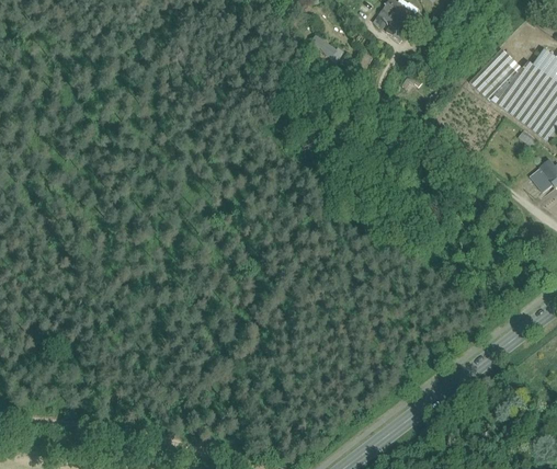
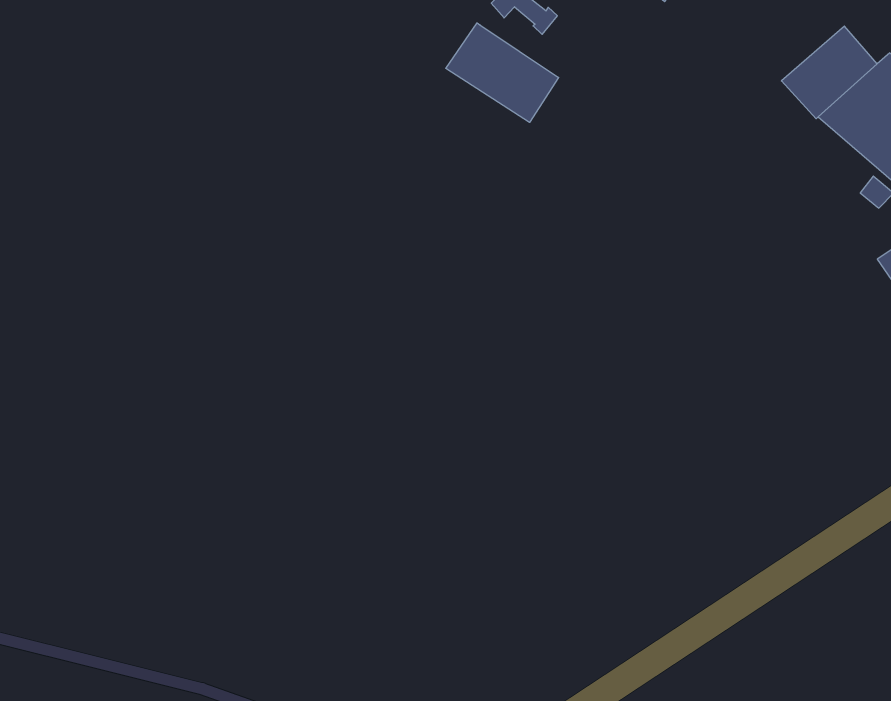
building: none -> [446,23,559,122]

